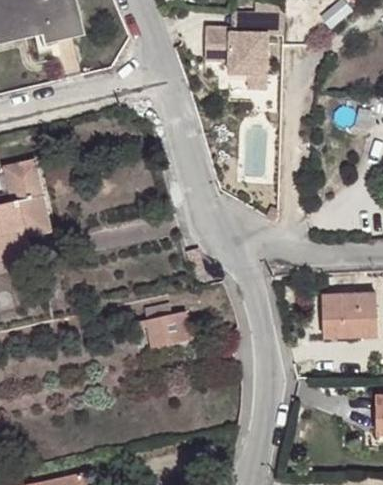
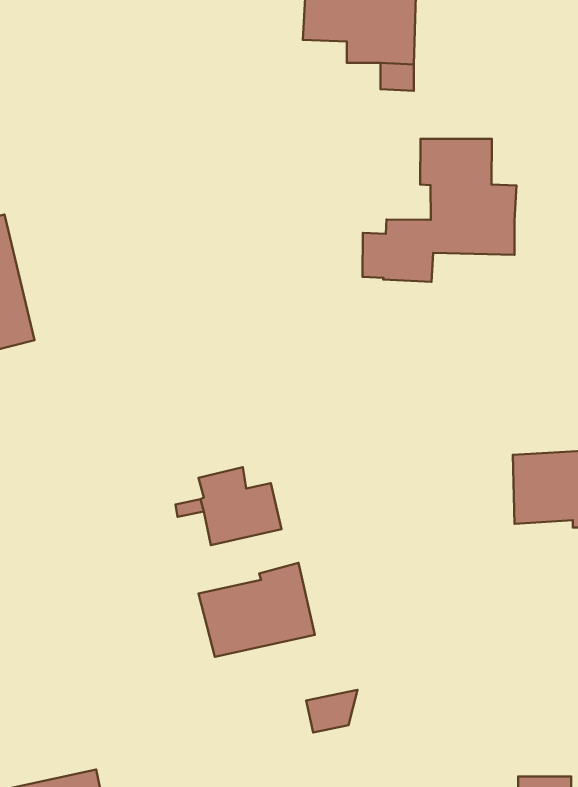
building: none -> [362,139,516,282]
building: none -> [199,563,315,657]

